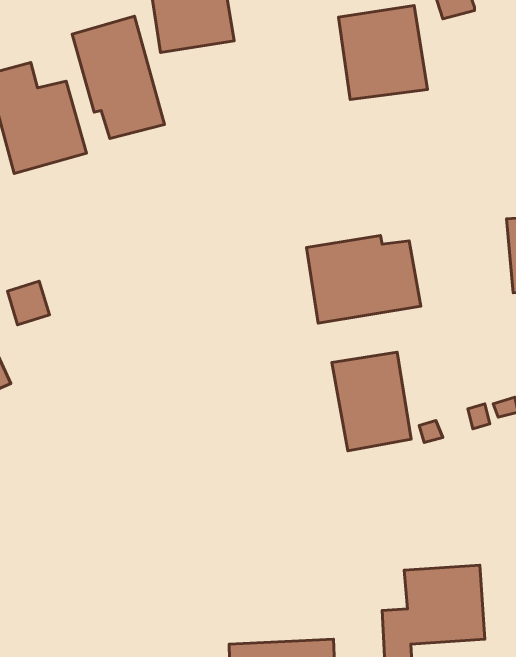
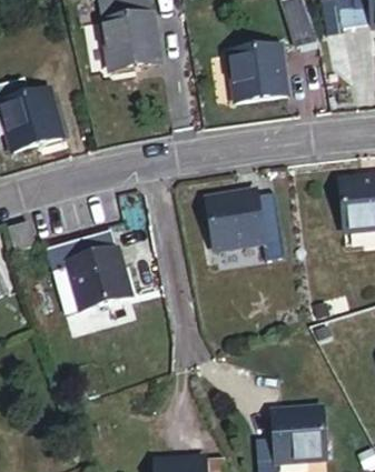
building: [72,16,165,138] -> none
building: none -> [47,231,128,312]
building: [332,352,411,451] -> none

